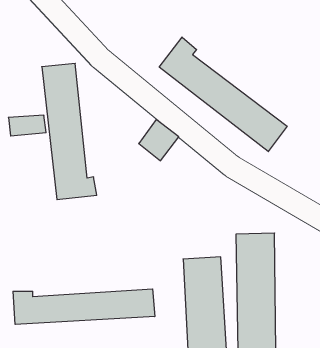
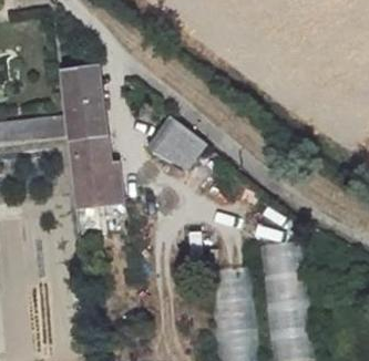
building: [159,37,287,152] -> none
building: [13,289,155,324] -> none

